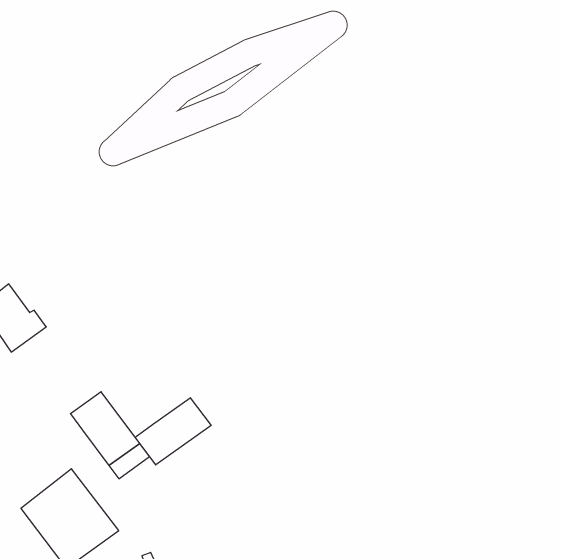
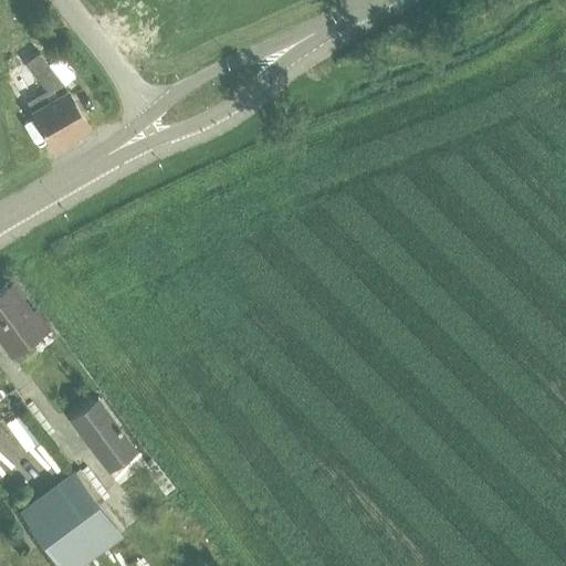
building: none -> [25,57,87,150]
building: [135,398,211,465] -> none

